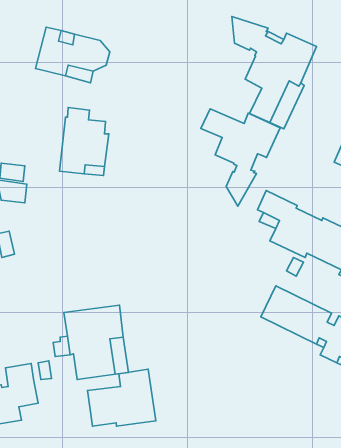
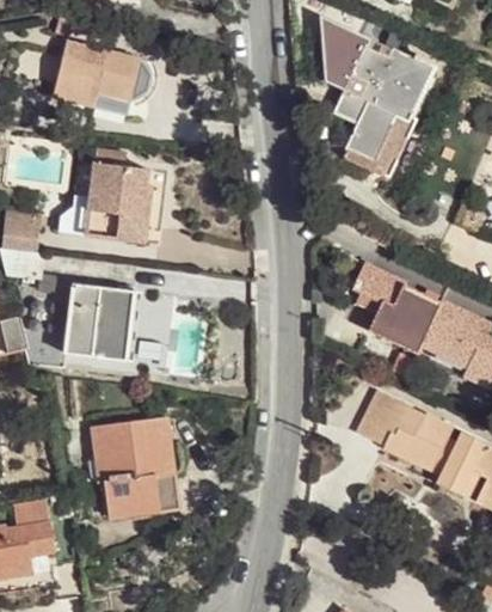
building: [201,109,280,206] -> none
building: none -> [64,283,135,361]
building: [88,369,156,426] -> none

